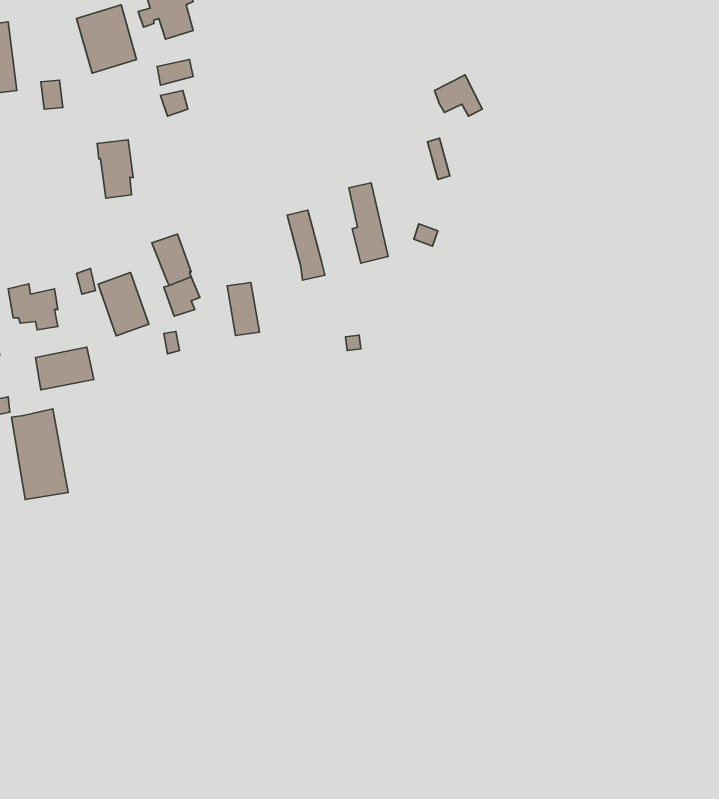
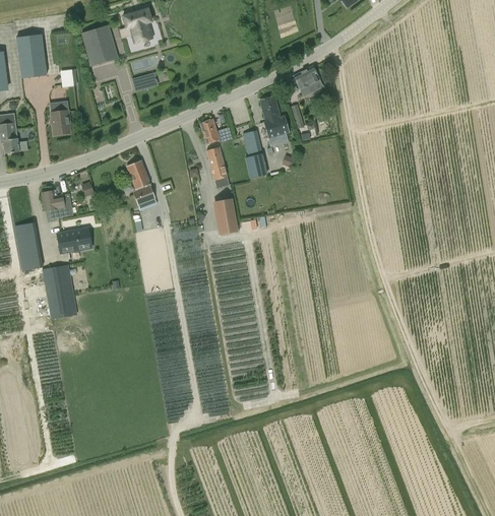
building: none -> [260,96,289,146]
building: [97,140,133,198] -> [50,101,71,135]
building: none -> [200,119,227,143]
building: [98,273,149,336] -> none
building: [227,283,260,336] -> [218,201,237,233]

